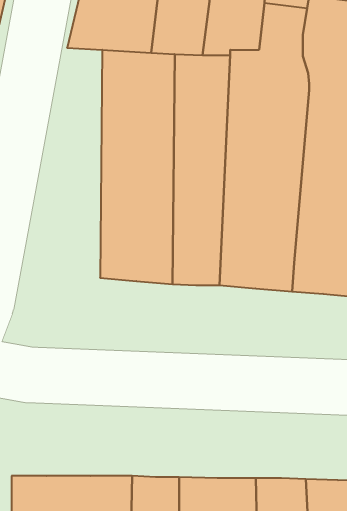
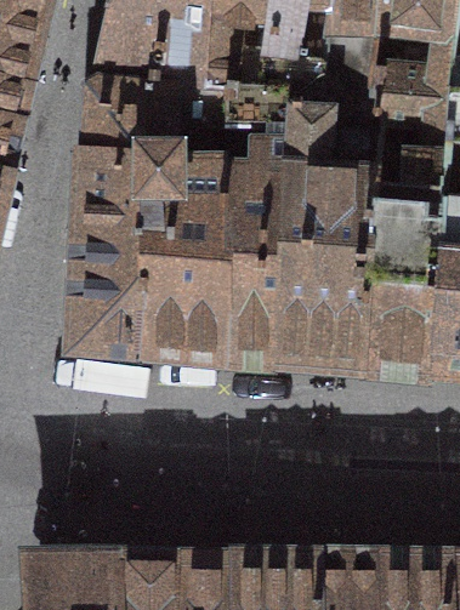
building: none -> [75,76,146,338]

